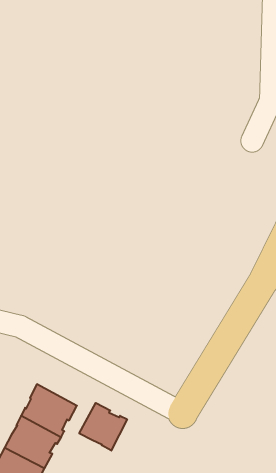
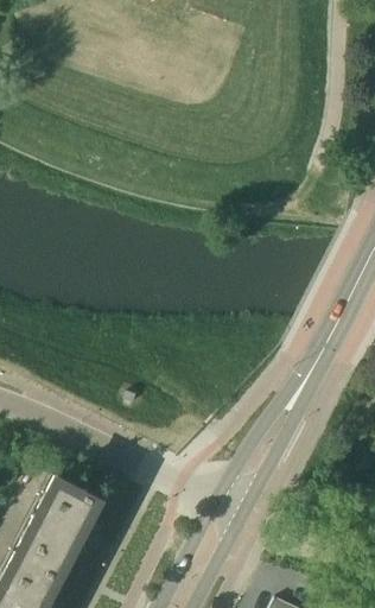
building: [79,403,127,451] -> none

